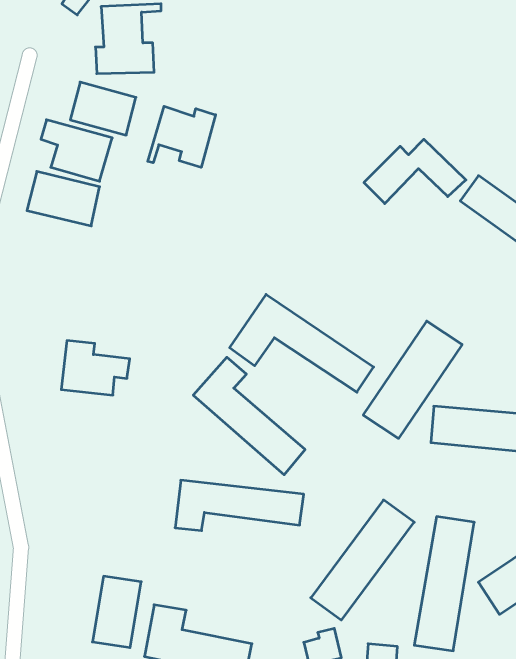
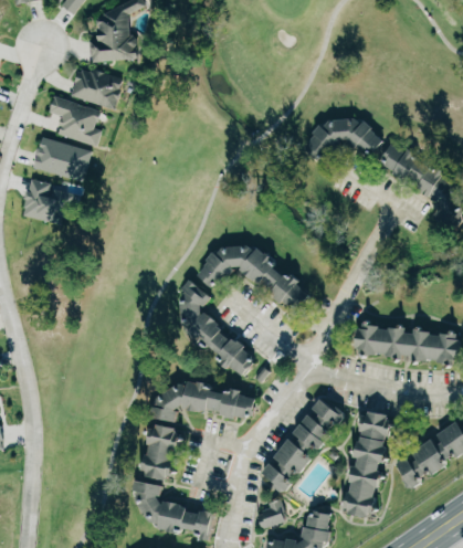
building: [148,106,216,167] -> none
building: [363,321,462,438] -> none
building: [61,341,130,395] -> [25,180,80,223]
building: [92,576,141,648] -> [140,423,179,479]

